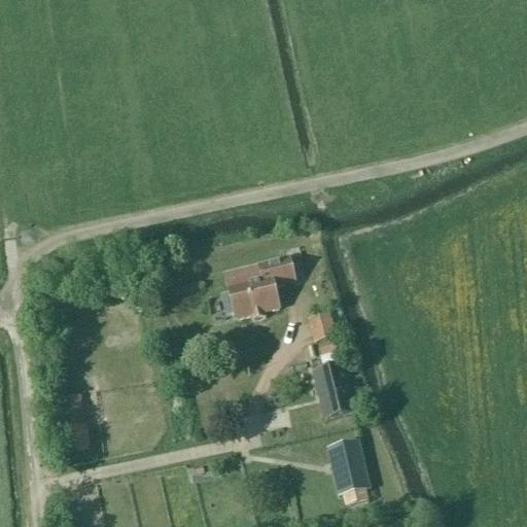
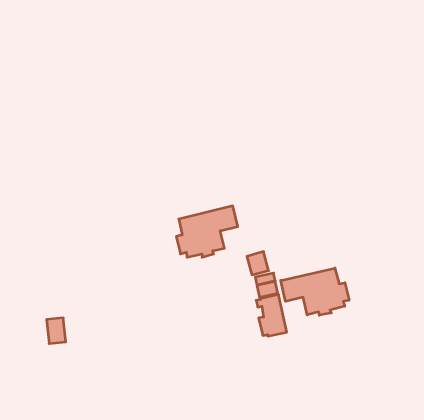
building: none -> [281,268,349,315]
building: [328,446,370,498] -> none

